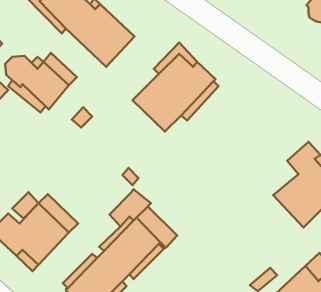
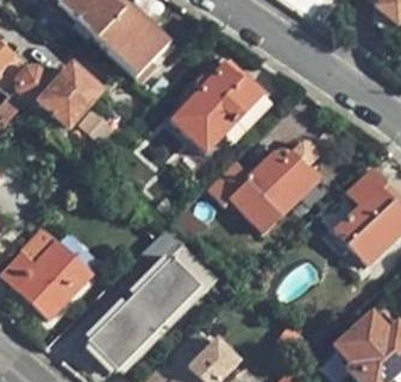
building: none -> [209,143,318,237]

